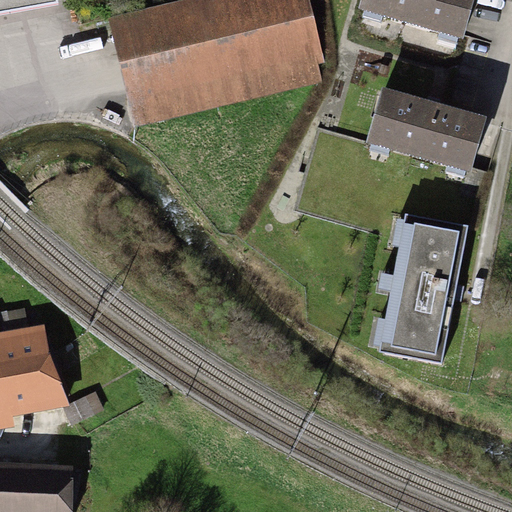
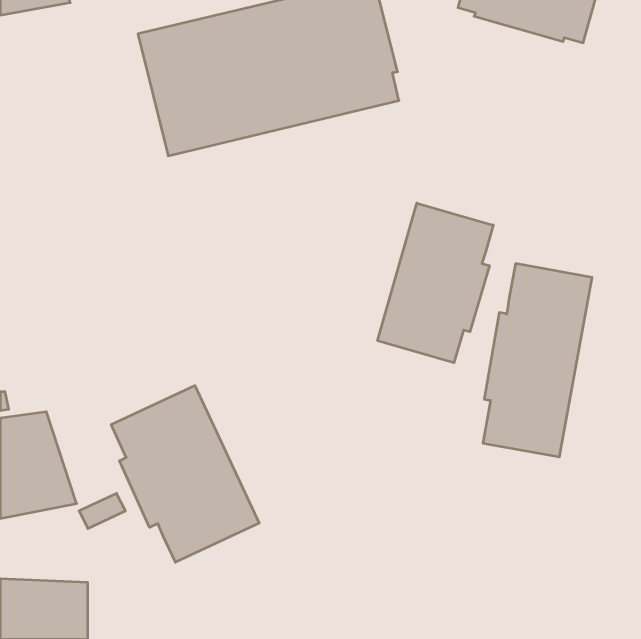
building: [369,89,482,166] -> none
building: none -> [378,203,493,363]
building: none -> [111,386,259,562]

